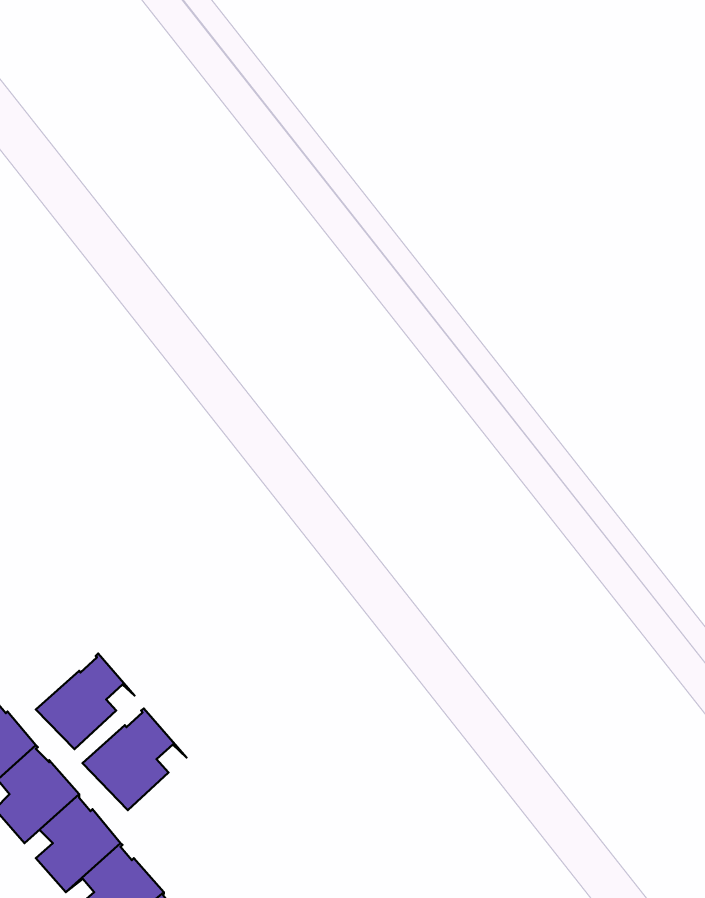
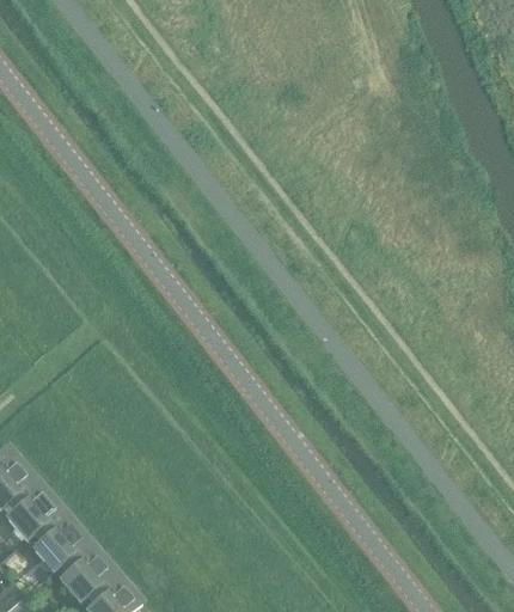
building: [36,654,135,749] -> none
building: [82,708,187,810] -> none

